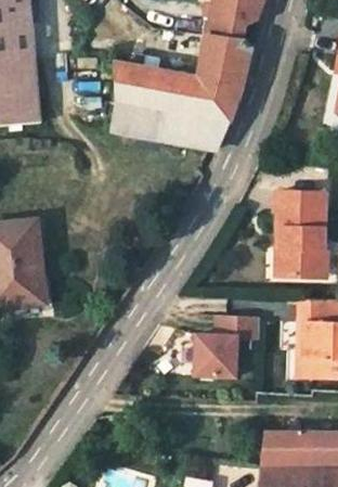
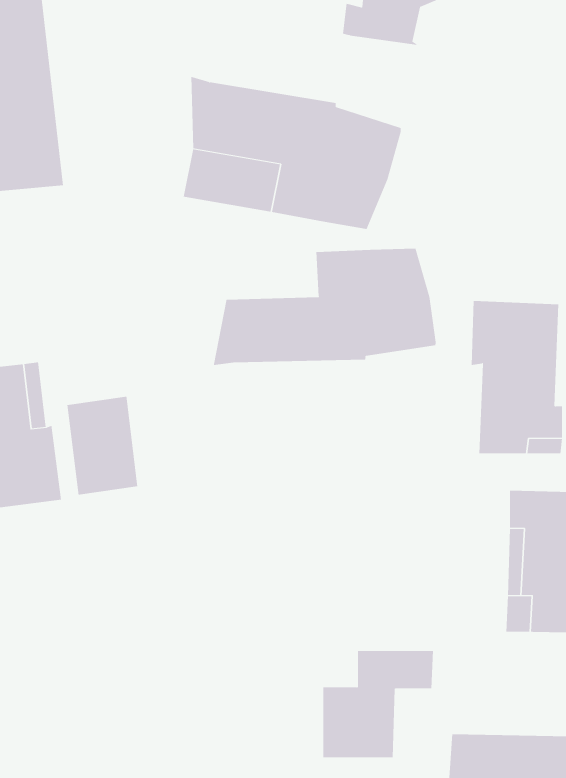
building: [199,39,250,93] -> none
building: none -> [213,248,436,366]
building: none -> [67,396,138,496]
building: [193,315,256,375] -> [323,651,434,758]

